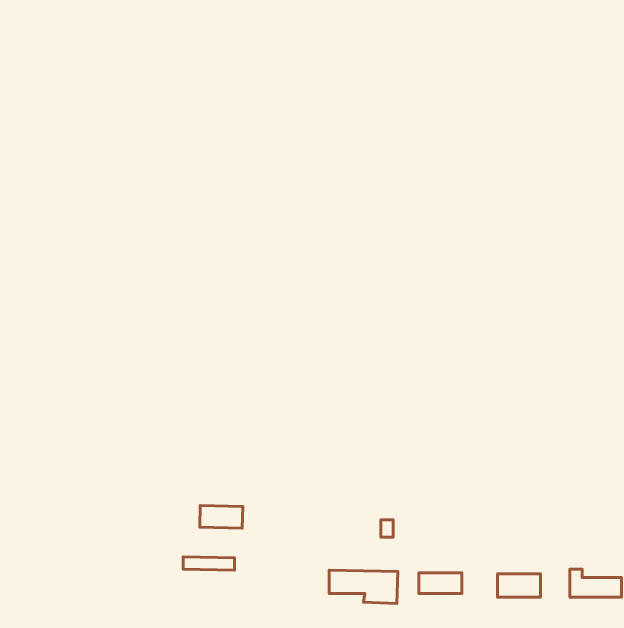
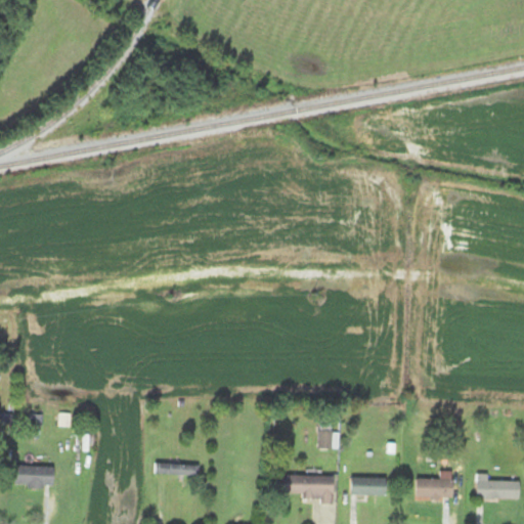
building: [200,505,243,528] -> none
building: none -> [16,466,54,486]

